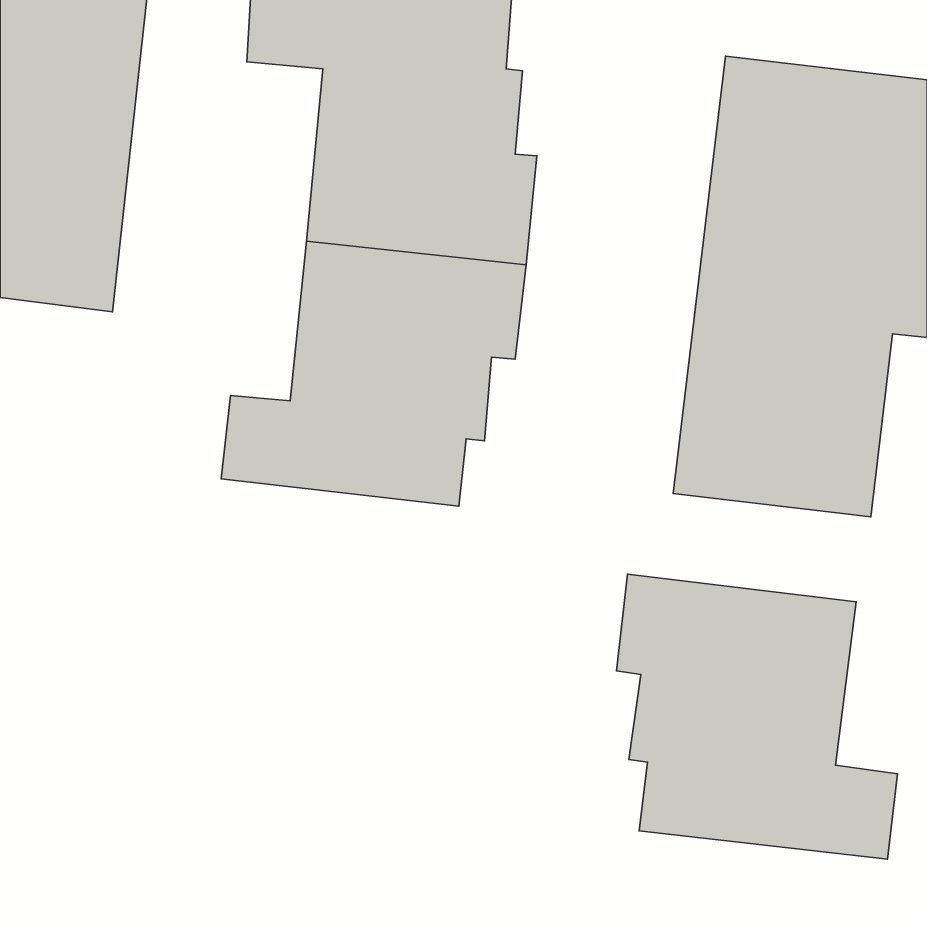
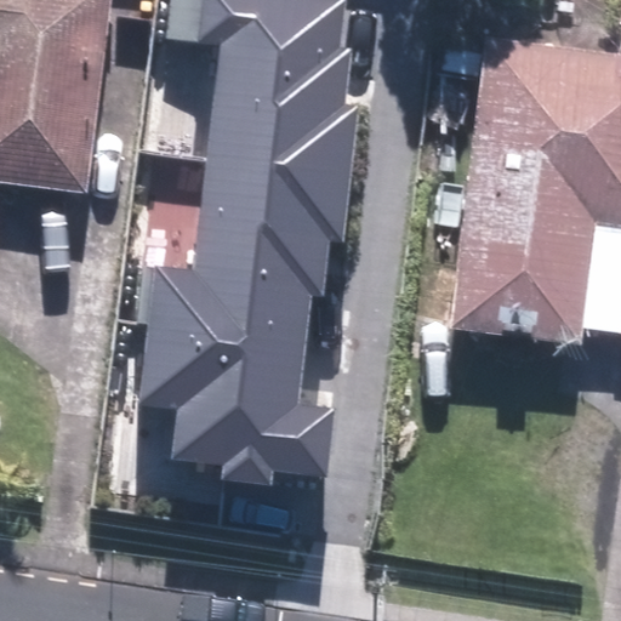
building: none -> [139,320,335,484]
building: [616,574,898,859] -> none

